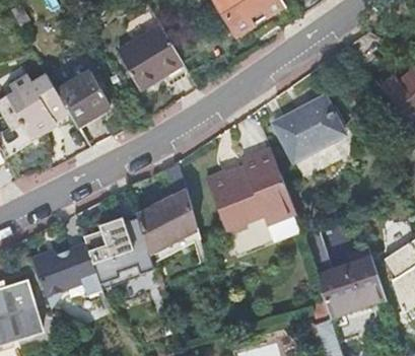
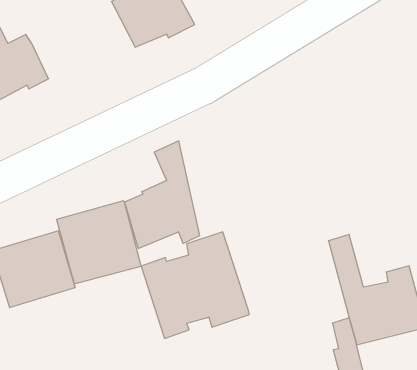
building: [56,72,111,125] -> none
building: [275,94,345,159] -> none
building: [207,148,296,236] -> [141,232,249,338]

